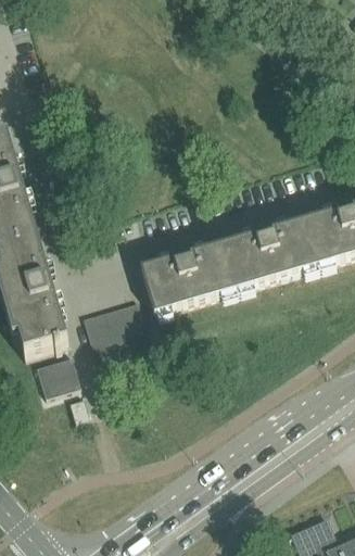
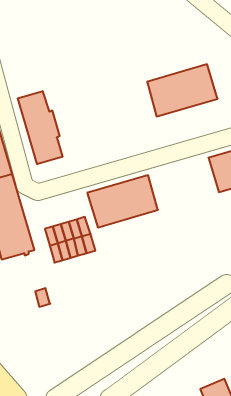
building: none -> [18,91,63,164]
building: [221,215,317,286] -> [147,64,218,116]
building: [35,351,79,392] -> none

